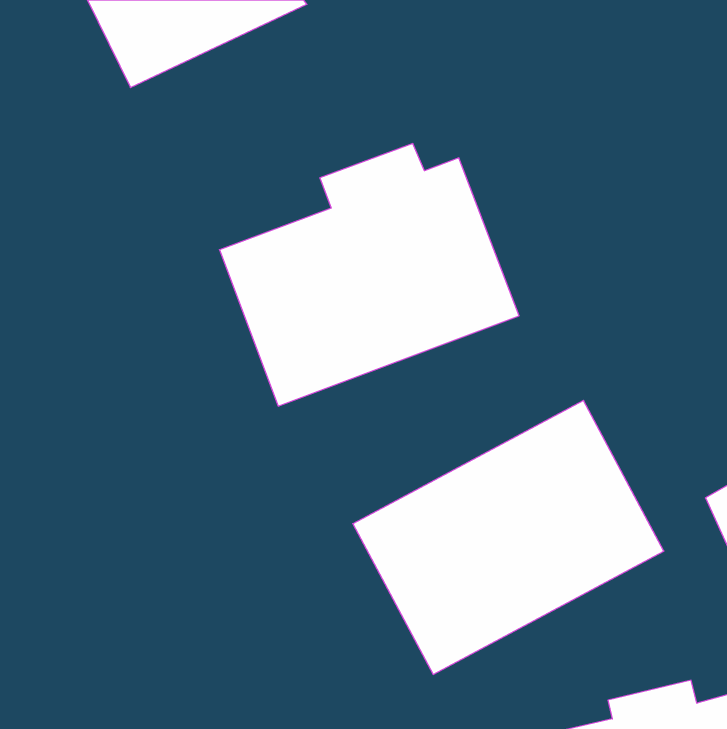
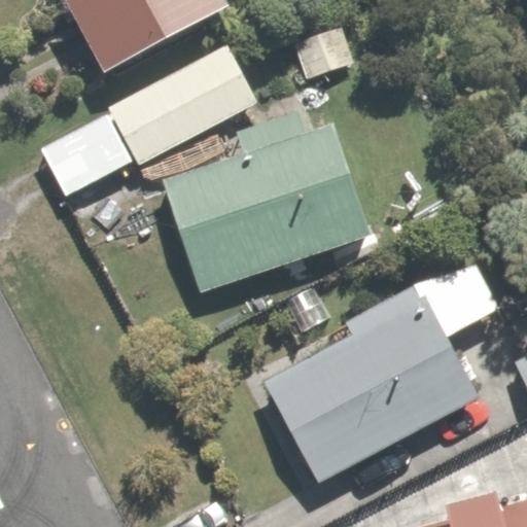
building: none -> [104,42,258,165]

